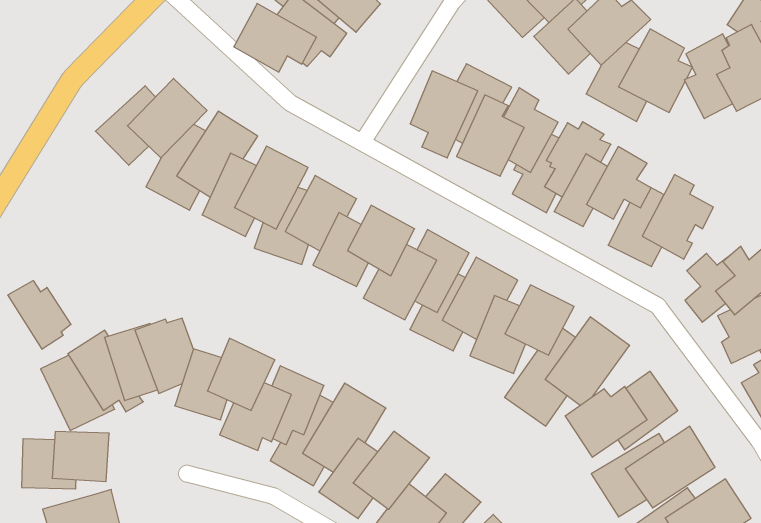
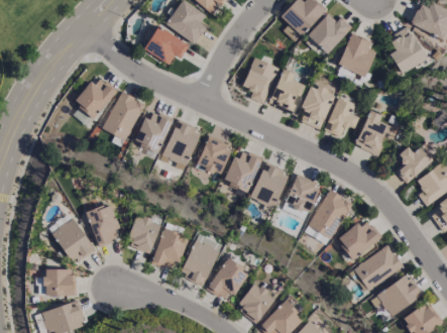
building: [8,281,71,349] -> none

